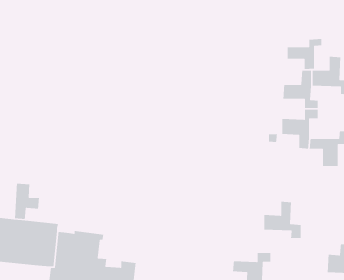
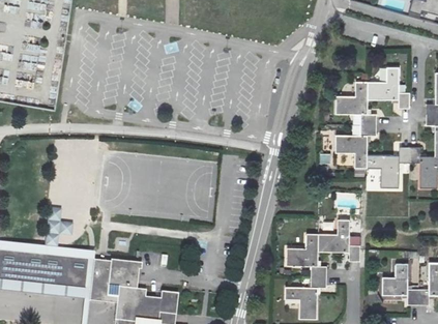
building: [287,38,322,70] -> none
building: none -> [283,239,324,281]

